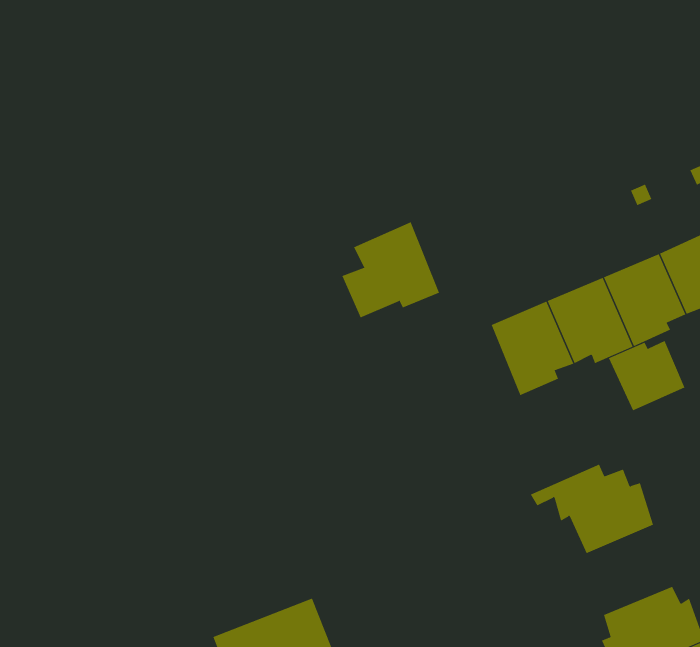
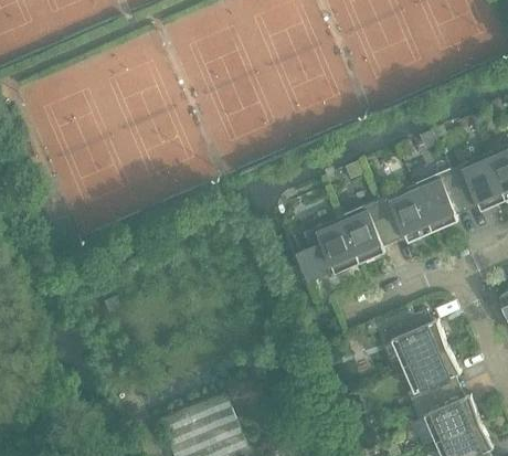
building: [341,222,440,318] -> [296,218,360,280]
building: [608,340,685,411] -> none
building: none -> [403,348,462,406]

